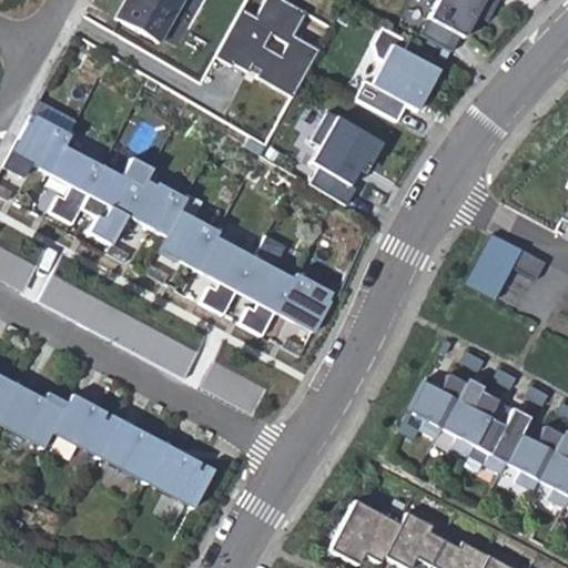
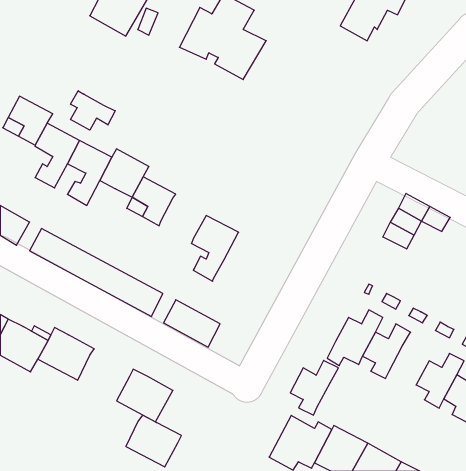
building: [354,26,443,120] -> none
building: none -> [71,91,115,130]
building: [311,111,385,204] -> none
building: [197,237,255,316] -> none
building: [276,274,335,333] -> none
building: [475,406,532,471] -> [290,360,338,415]
building: [101,418,168,480] -> [126,415,181,467]

